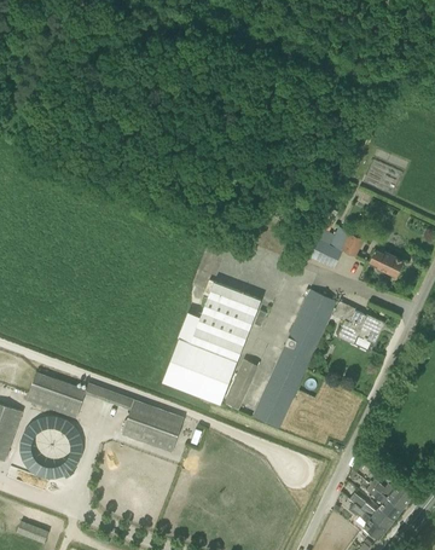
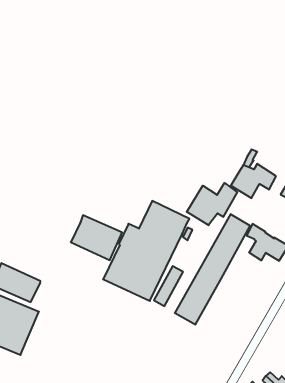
building: none -> [187,183,237,225]
building: [122,401,184,453] -> [71,215,122,260]

